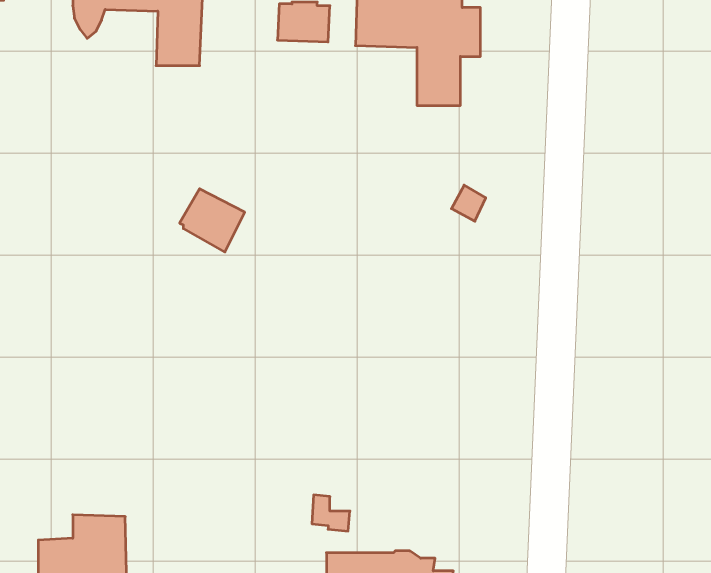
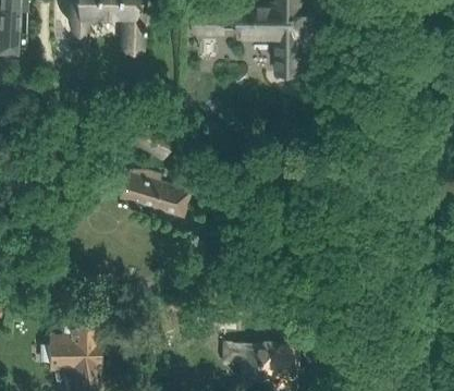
building: none -> [118,172,192,218]

